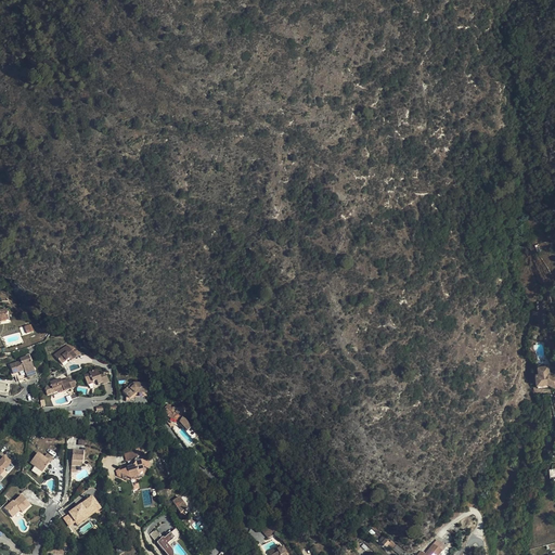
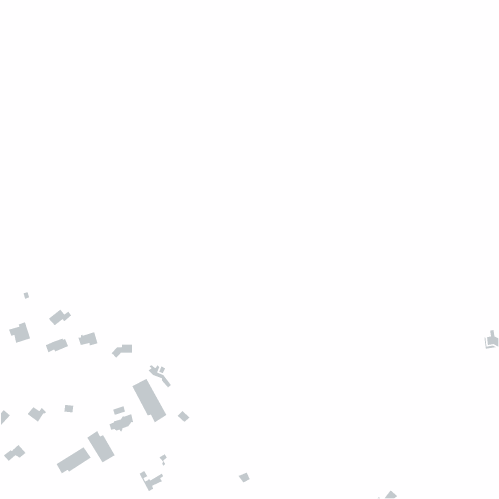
building: none -> [131,378,168,423]
building: none -> [86,430,116,464]

